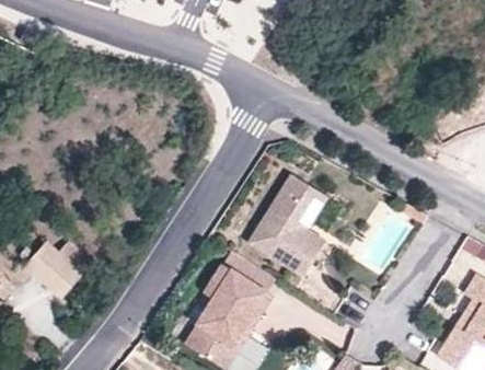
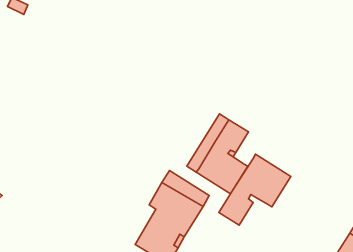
building: none -> [219,154,291,225]
building: [21,238,86,293] -> none

